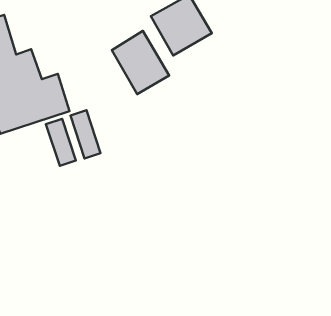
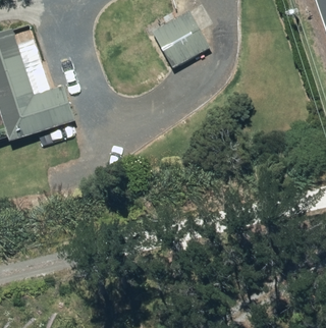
building: [112,31,169,94] -> none

